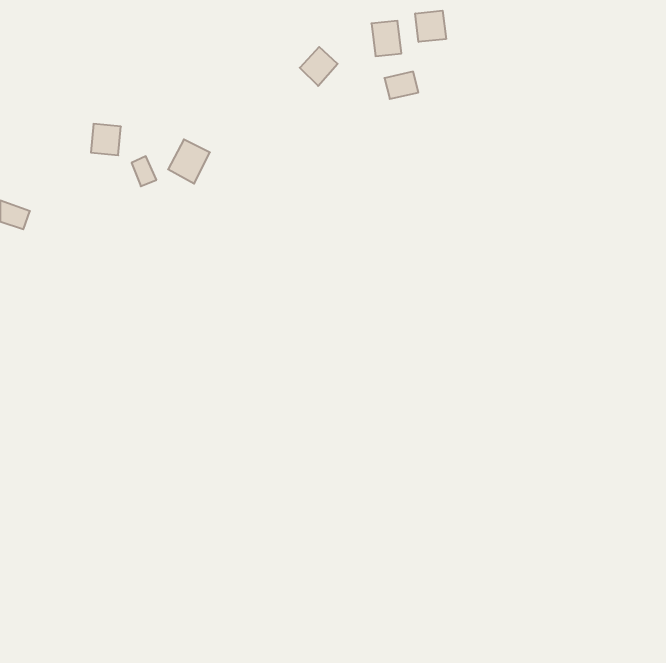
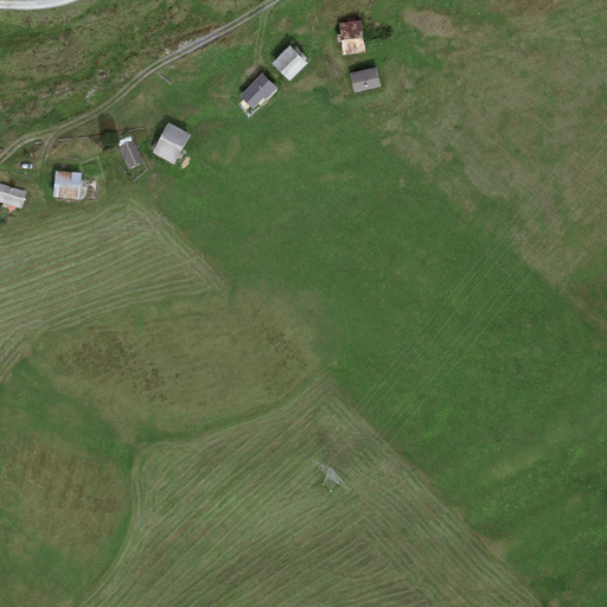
building: [415,11,446,42] -> none
building: none -> [239,71,276,106]
building: [91,124,121,155] -> [53,173,81,202]

